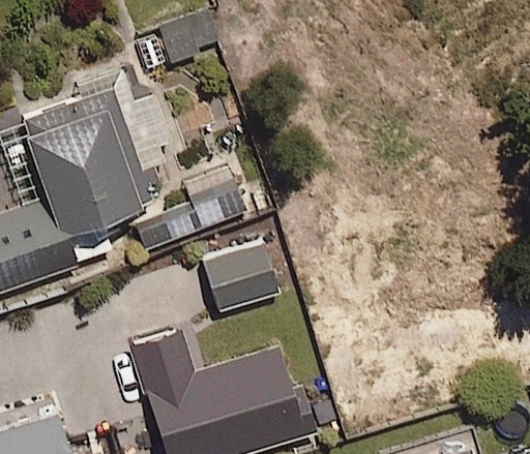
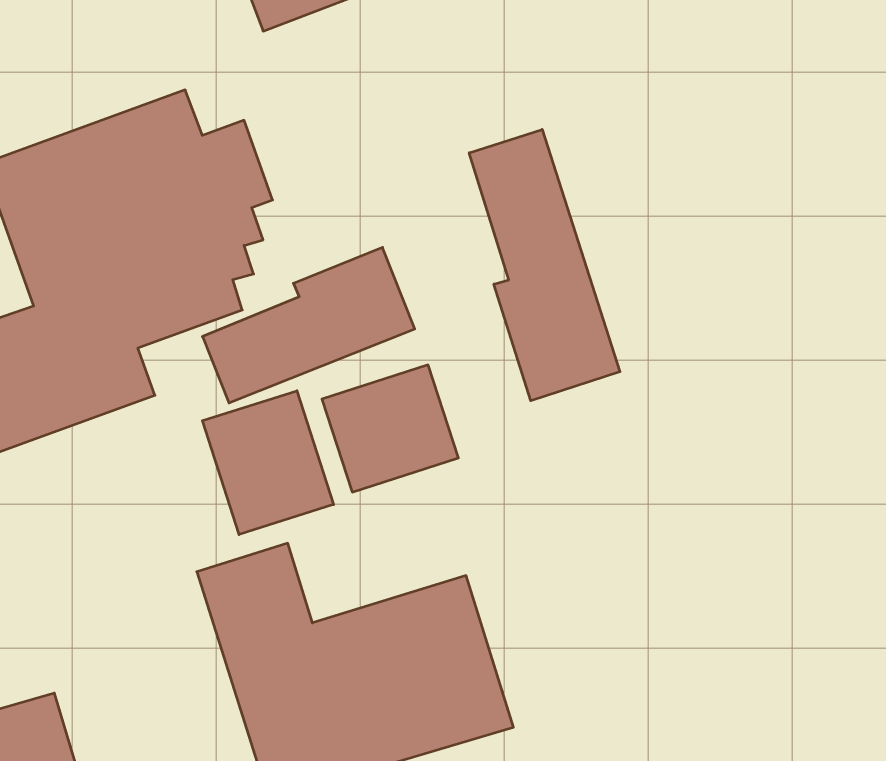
building: none -> [469,129,620,401]
building: none -> [202,391,334,535]

